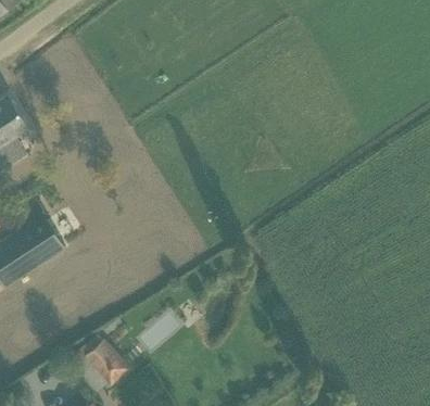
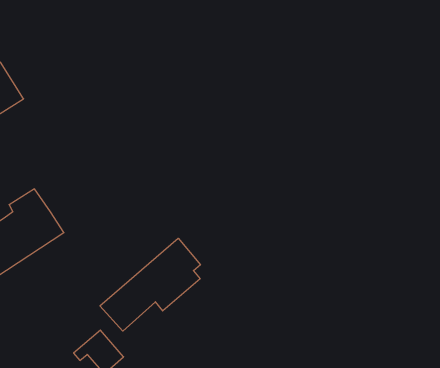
building: none -> [100,238,200,331]

